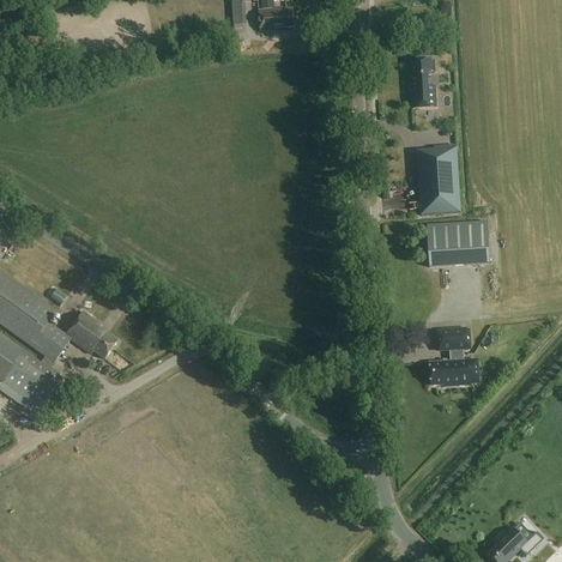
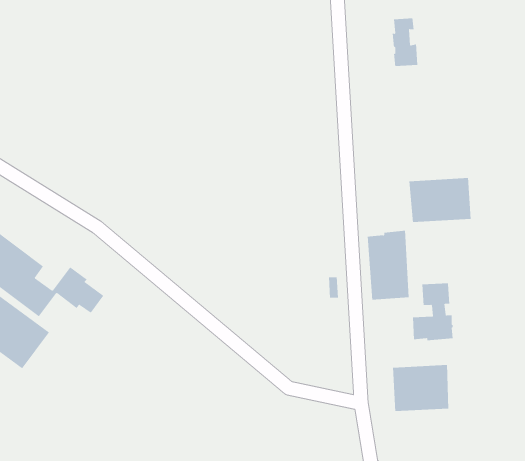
building: [416,143,459,213] -> [367,230,410,300]
building: none -> [392,364,449,412]

